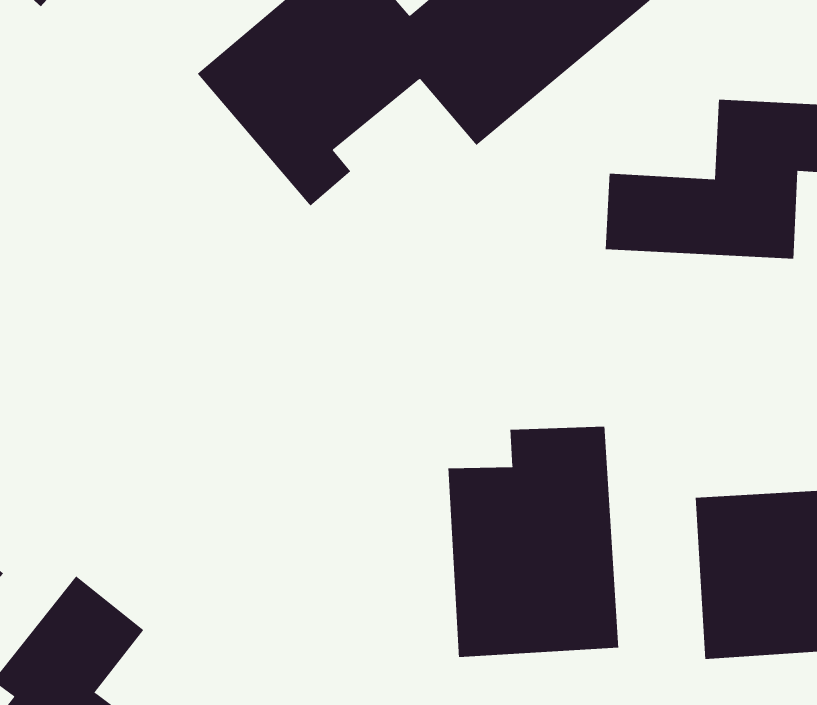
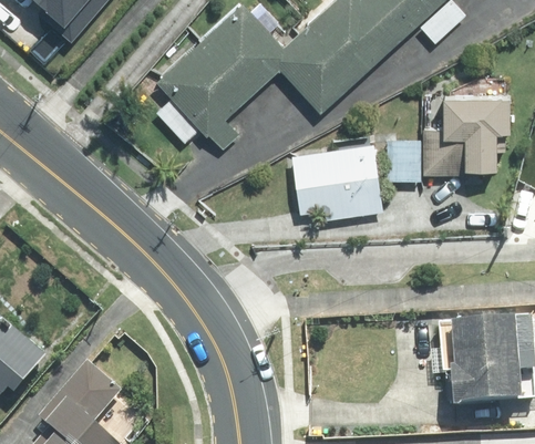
building: none -> [290,148,384,225]
building: [448,426,619,658] -> none

